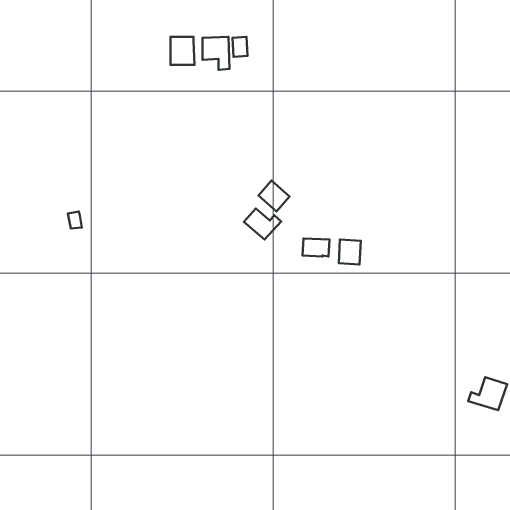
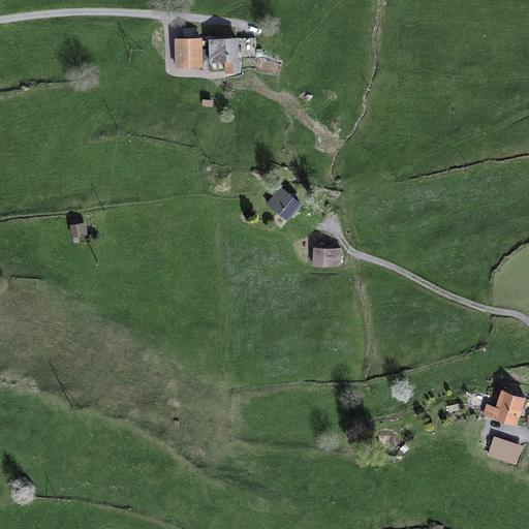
building: [244,208,281,240] -> none
building: [339,239,361,264] -> none
building: none -> [490,438,521,463]

